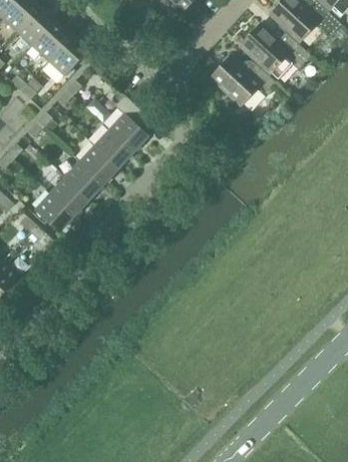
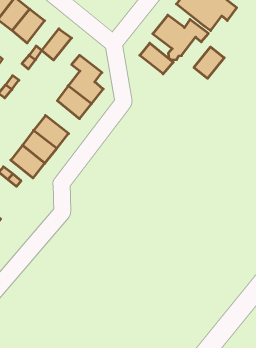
building: none -> [42,29,72,60]
building: none -> [140,43,173,74]
building: none -> [194,47,224,78]
building: [78,144,117,183] -> none

